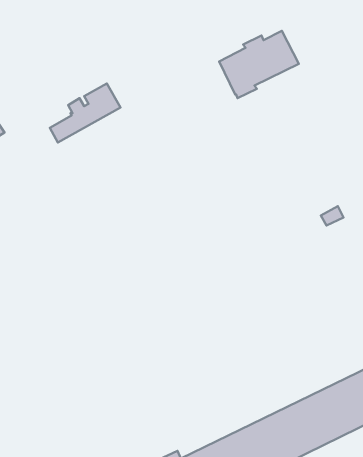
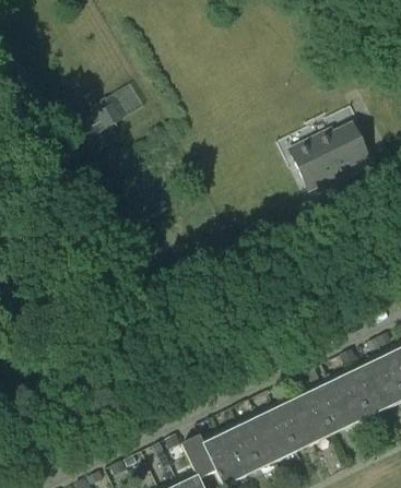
building: [219,31,299,98] -> [291,123,367,188]

